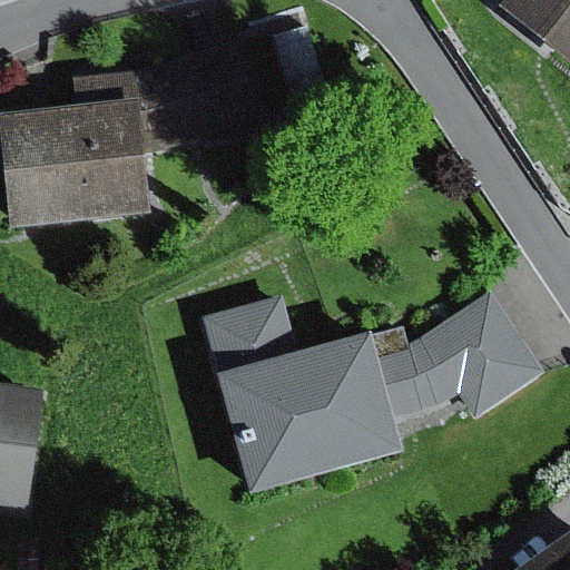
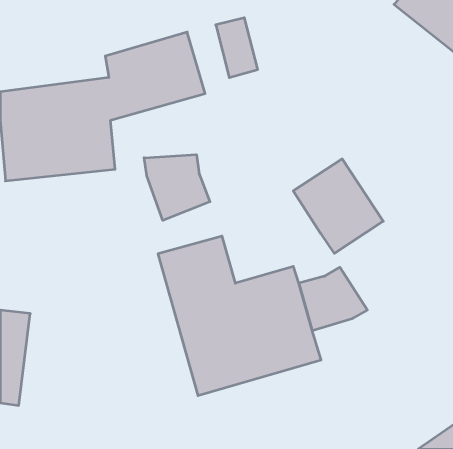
building: none -> [144,155,210,220]
building: [428,294,540,412] -> [293,159,383,253]

